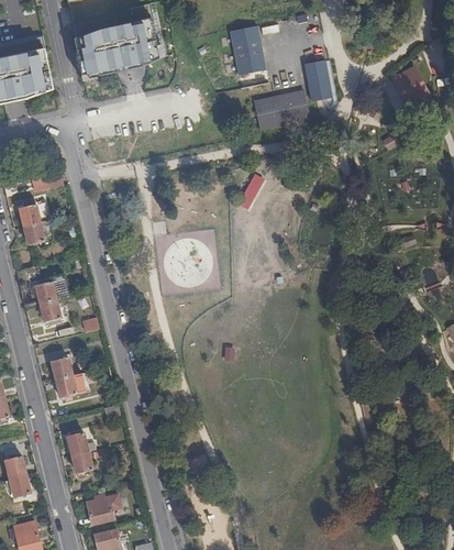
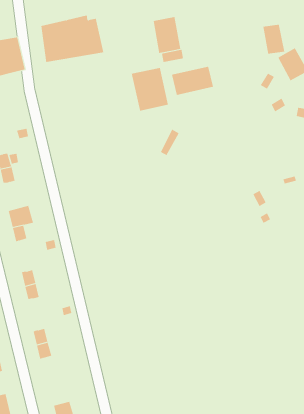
building: [300,58,330,98] -> [263,24,285,54]
building: none -> [131,67,169,111]
building: [87,494,120,524] -> none

